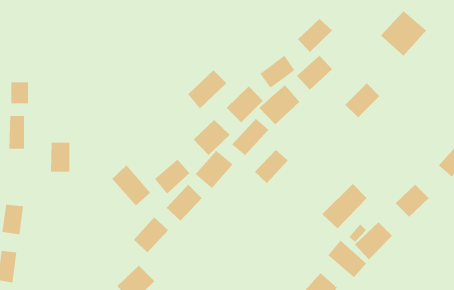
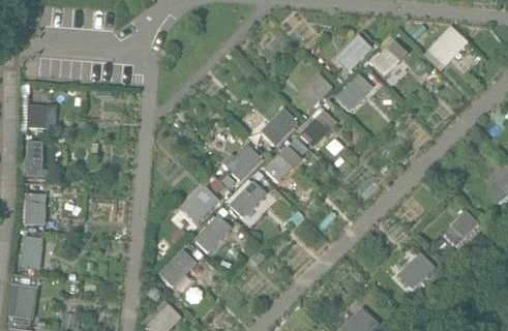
building: [188,69,227,109] -> none
building: [344,83,380,118] -> [370,38,409,77]
building: [50,142,70,172] -> [24,190,46,222]
building: [254,149,288,184] -> none
building: [111,165,151,206] -> none
building: [322,183,368,229] -> none
building: [327,240,367,278] -> none

